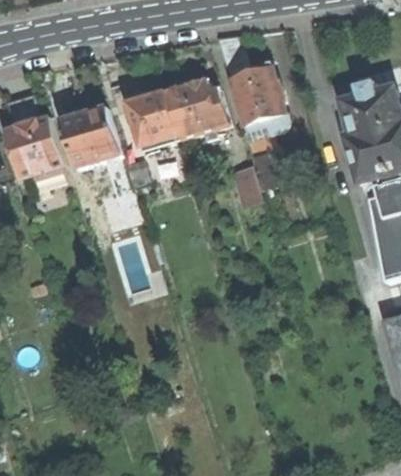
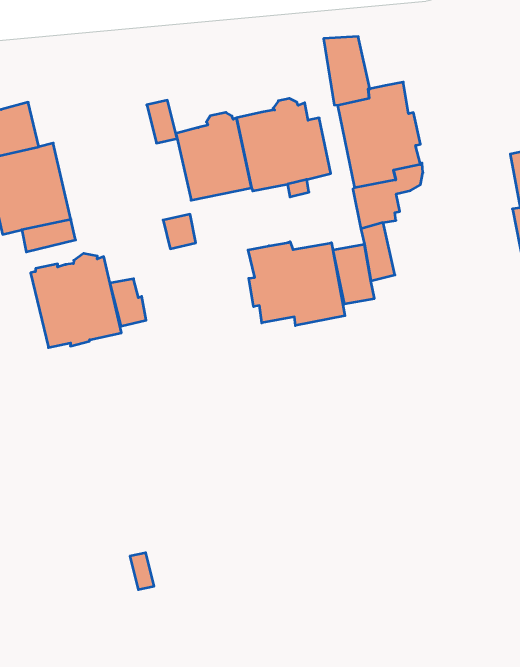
building: [61,107,122,169] -> [31,253,121,348]
building: none -> [248,242,345,326]

